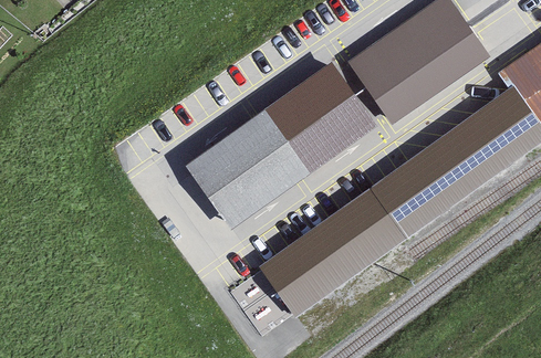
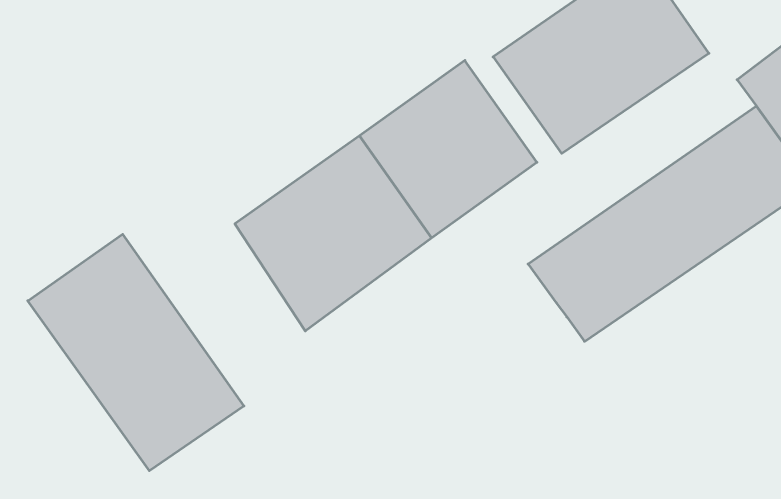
building: none -> [28,234,244,471]
building: [264,187,407,315] -> none

